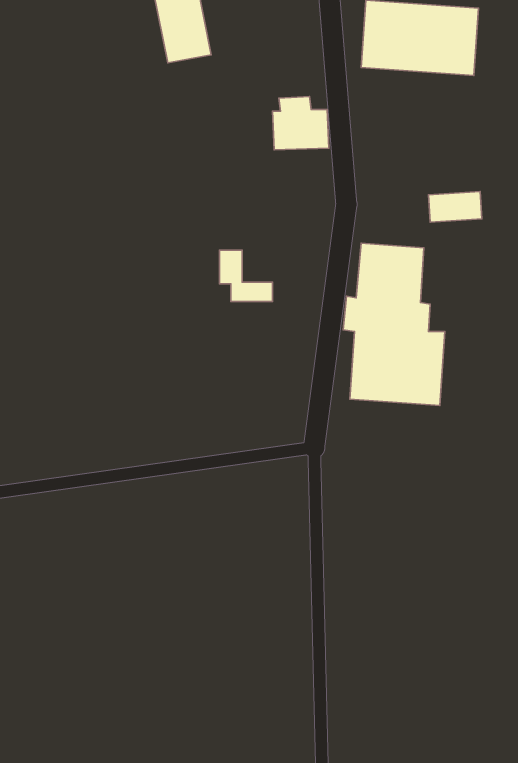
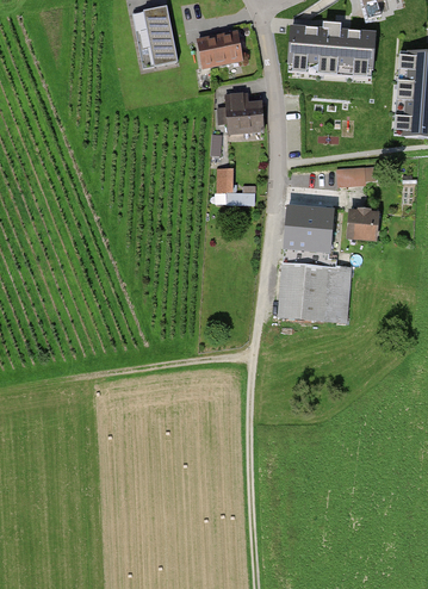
building: none -> [197,32,243,68]
building: [220,250,273,302] -> [217,168,256,206]
building: none -> [346,211,379,241]

